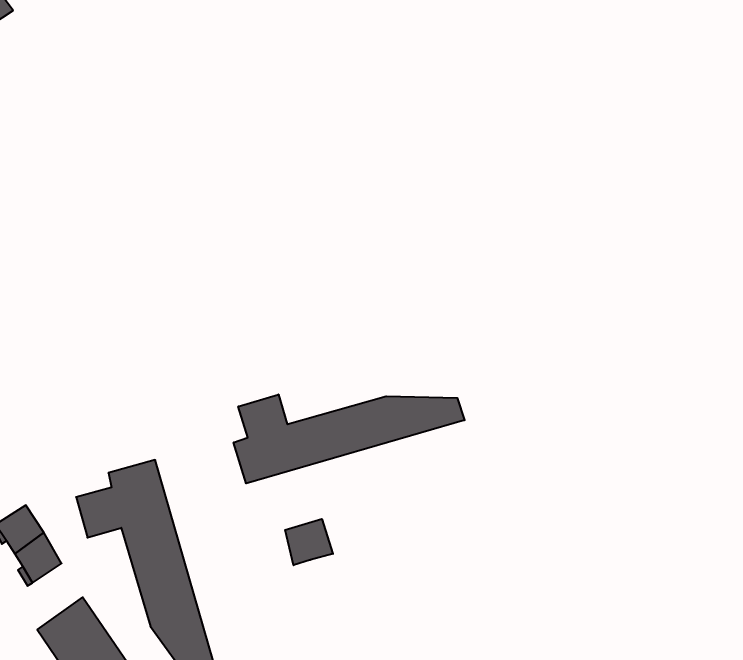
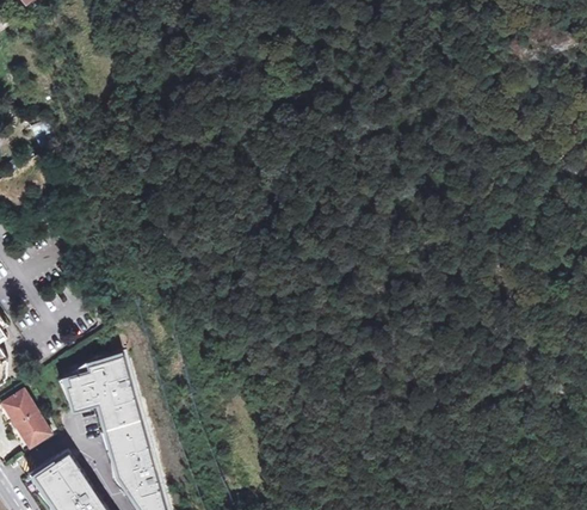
building: [234,394,465,483] -> none
building: [285,519,333,565] -> none

